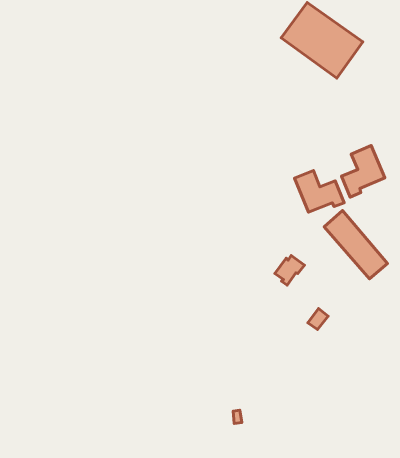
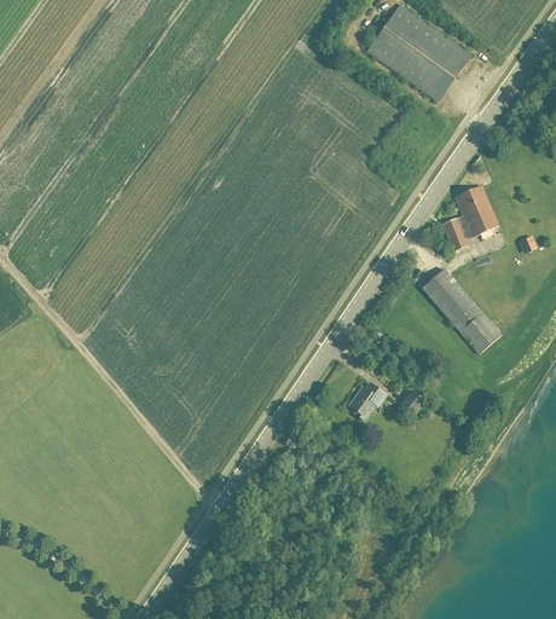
building: [295,171,344,212] -> none
building: [275,255,305,285] -> [348,382,386,420]

